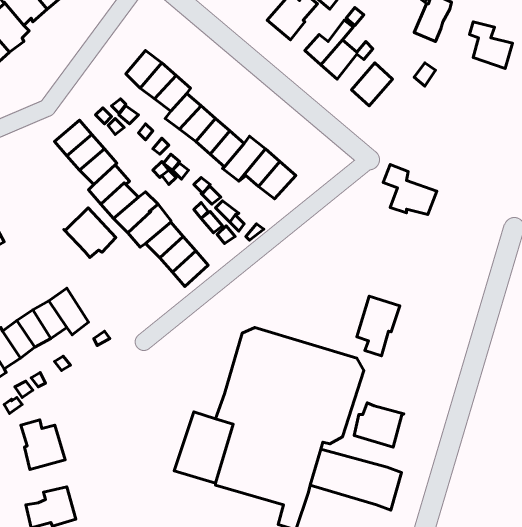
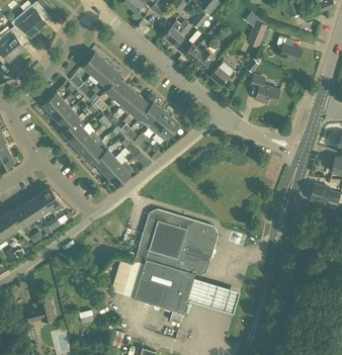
building: [383,164,437,215] -> [250,75,280,103]
building: [64,208,116,257] -> none
building: [357,296,400,356] -> none
building: [354,403,404,447] -> none
building: [21,420,65,470] -> none

